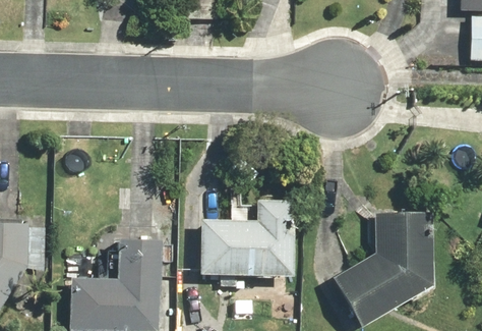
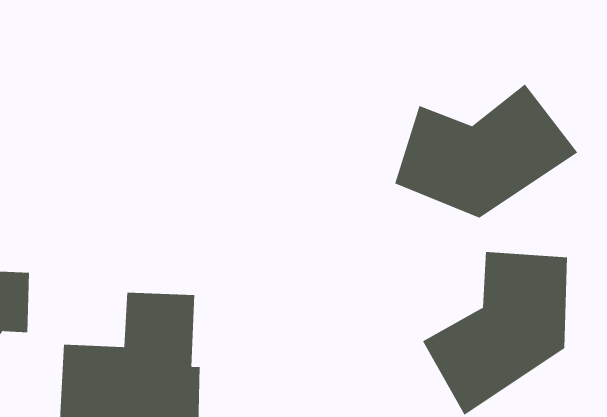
building: none -> [395,84,578,218]
building: [198,200,295,277] -> none

